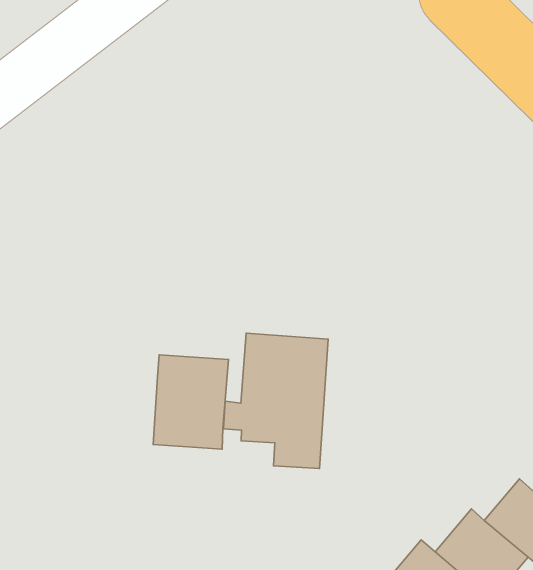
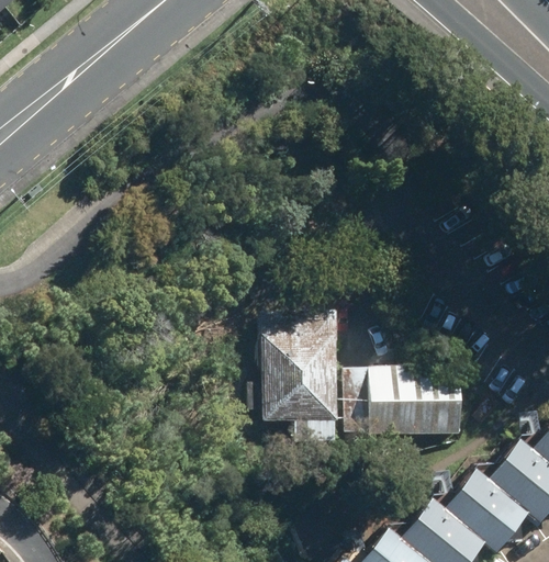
building: [153,355,228,449] -> none
building: none -> [369,366,463,435]

